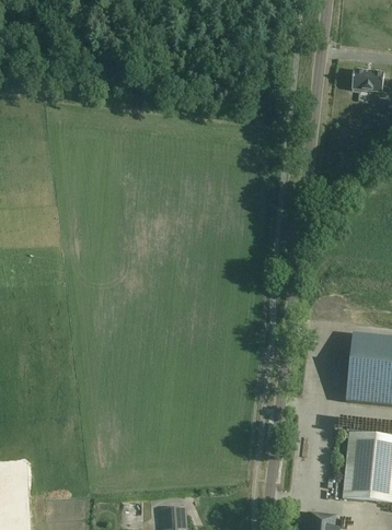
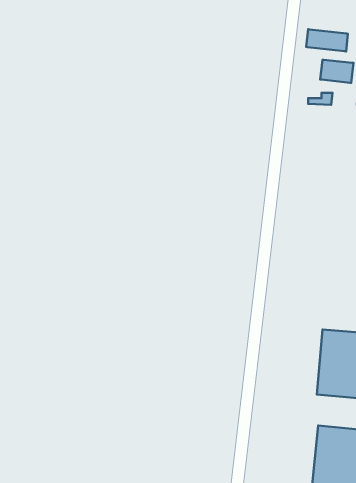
building: none -> [306,29,348,51]

